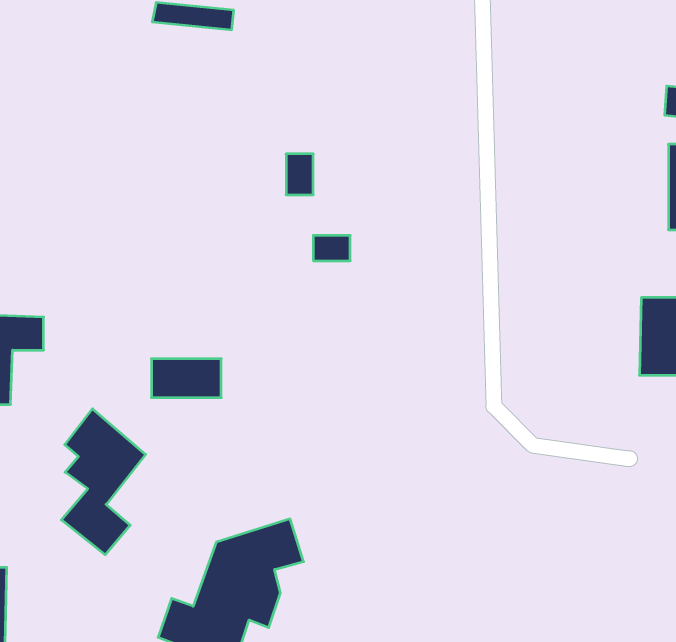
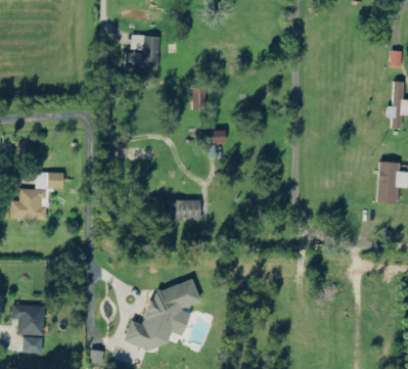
building: none -> [126,34,160,71]
building: [151,359,221,398] -> [163,199,199,220]
building: [61,409,146,555] -> none

